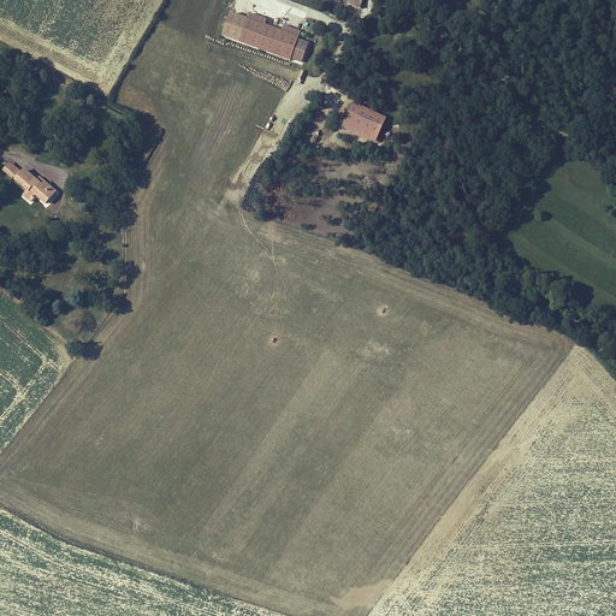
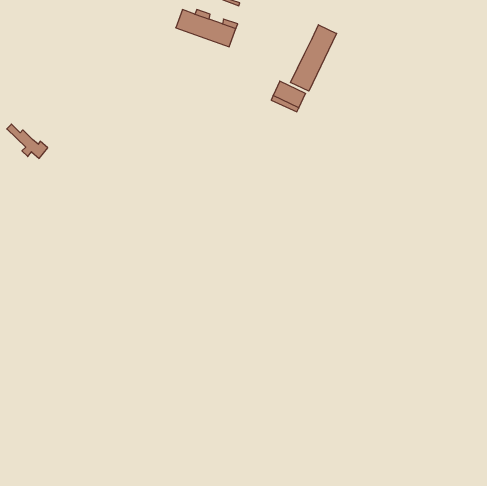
building: none -> [291,25,337,91]

